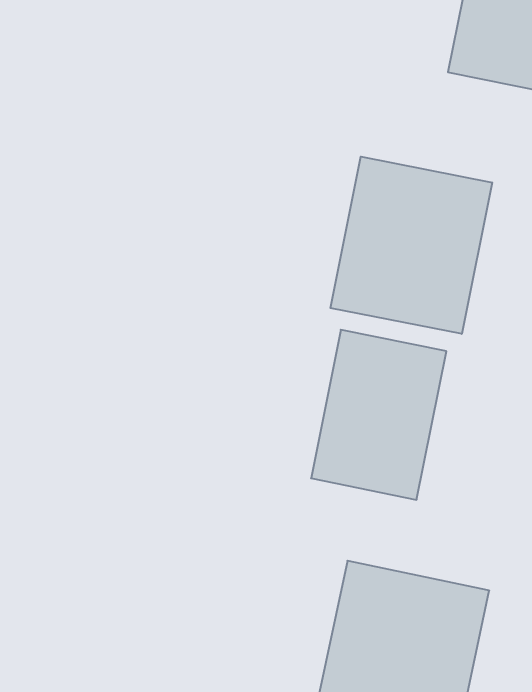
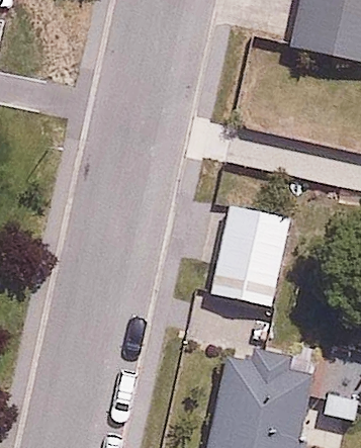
building: [330,157,492,334] -> none

